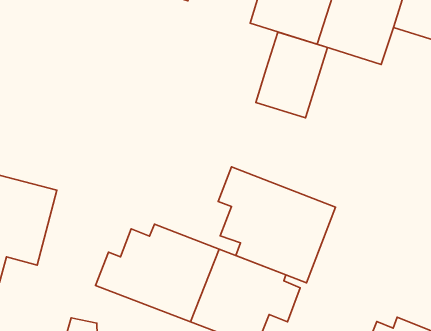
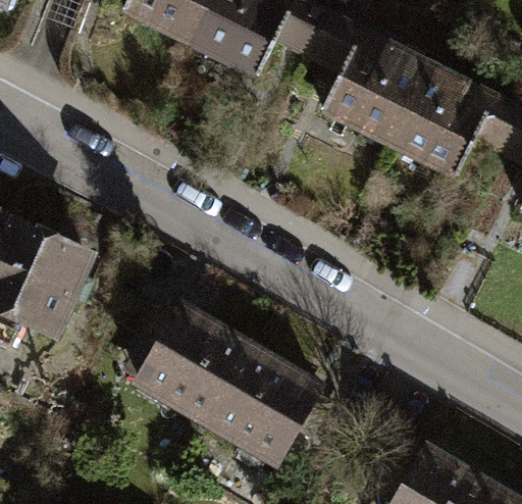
building: [256,32,328,118] -> none
building: [218,167,335,283] -> none

